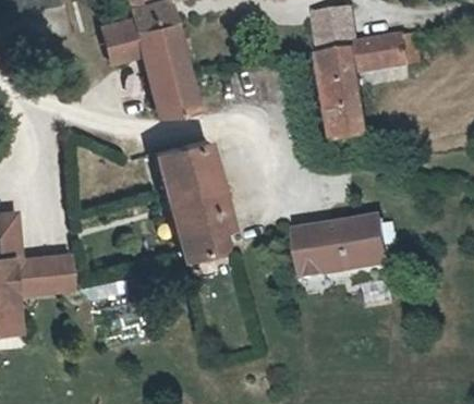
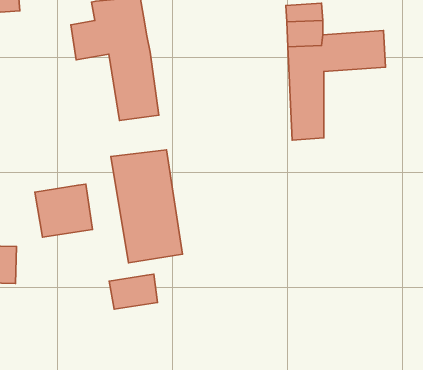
building: none -> [35,184,92,237]
building: [289,228,372,284] -> none
building: none -> [109,274,158,309]

